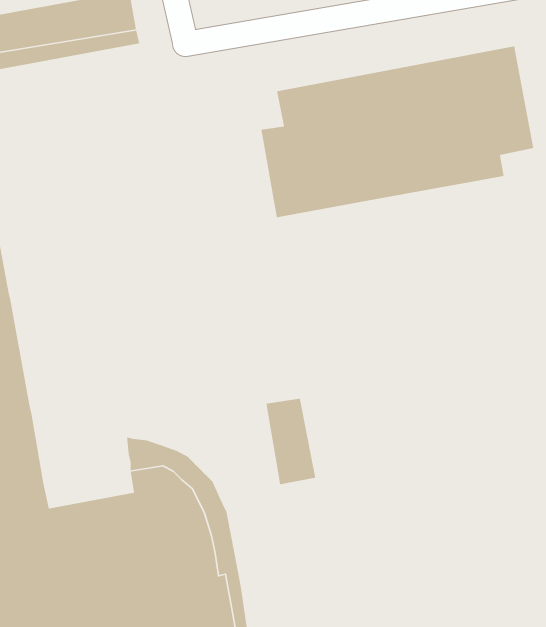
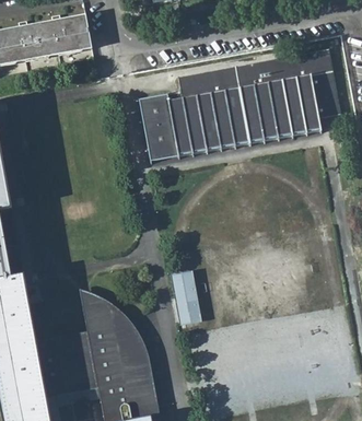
building: none -> [143,102,178,162]

